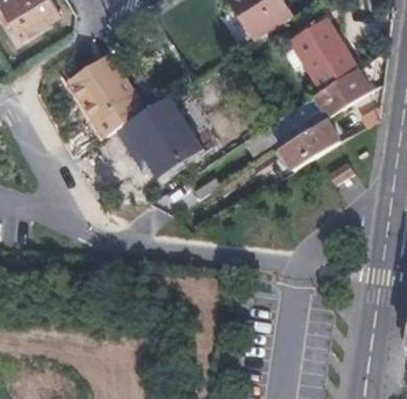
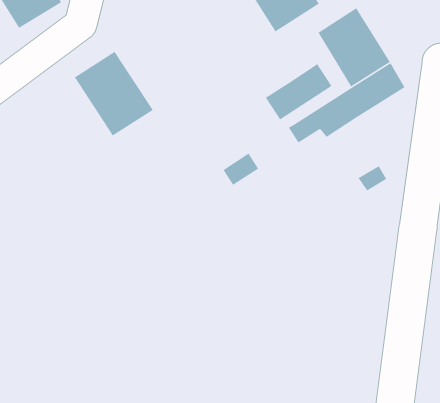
building: [116,104,191,183] -> none
building: [279,119,340,171] -> [265,63,332,121]

